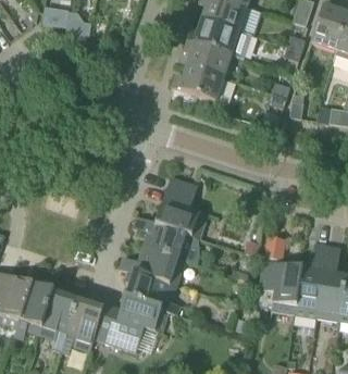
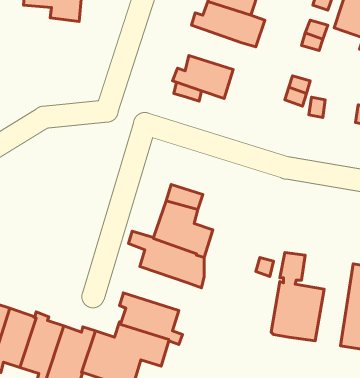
building: [184,39,232,77] -> none
building: [295,242,327,315] -> none
building: [121,247,185,285] -> none

